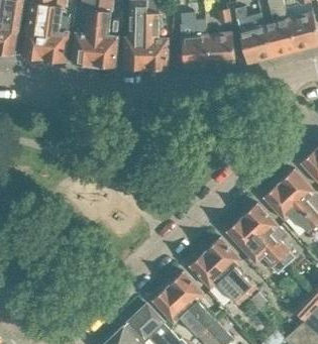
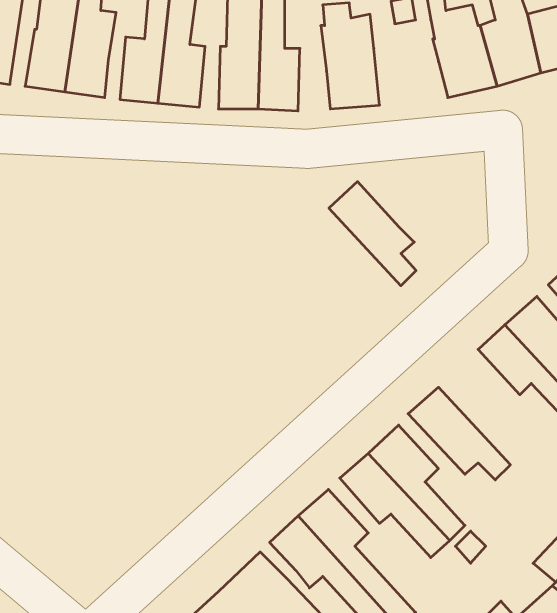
building: [207,34,234,68] -> none
building: [241,204,288,259] -> [329,182,416,286]

